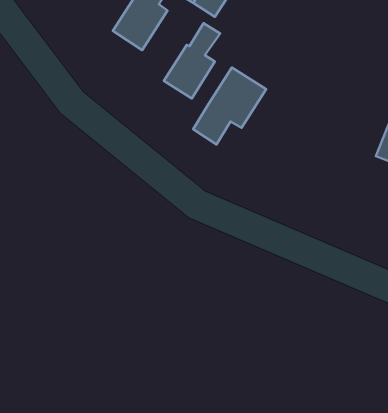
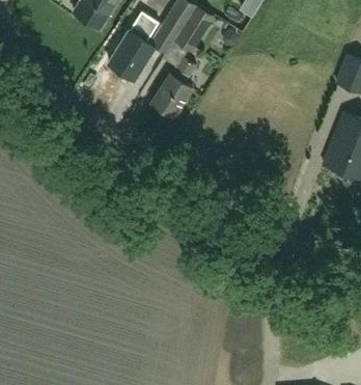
building: [193,68,266,144] -> none

